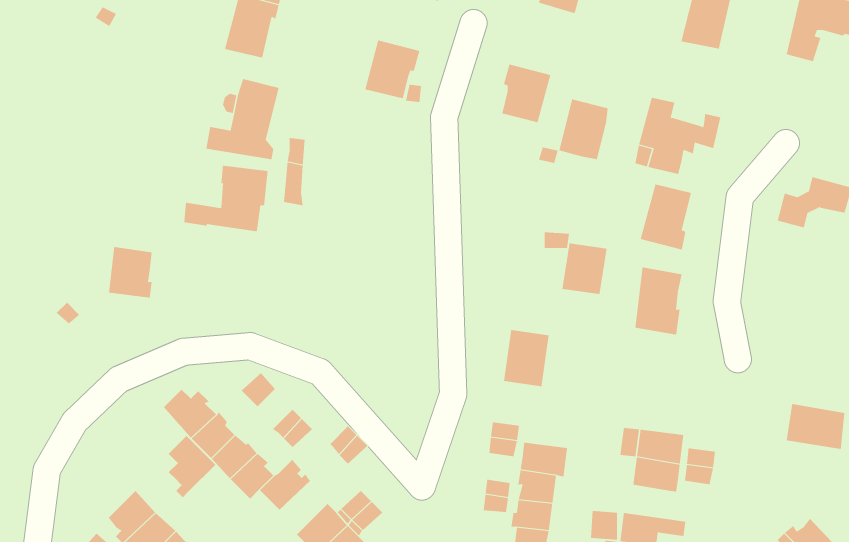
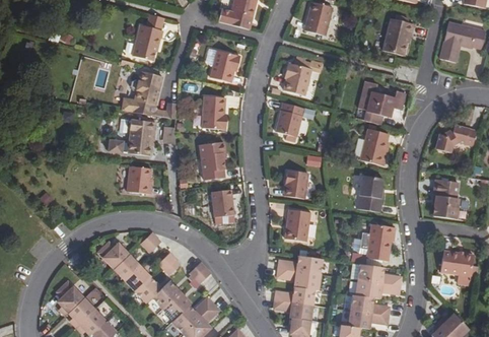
building: [559,99,609,160] -> [276,103,303,136]
building: none -> [202,95,226,129]
building: none -> [199,141,225,180]
building: [561,243,608,295] -> [283,170,308,198]
building: [108,247,152,298] -> [127,165,151,194]
building: none -> [433,179,459,219]
building: none -> [212,189,233,216]
building: none -> [360,223,396,261]
building: none -> [296,255,323,274]
building: [168,435,216,498] -> [57,281,83,316]
building: none -> [162,292,191,320]
building: none -> [351,294,387,315]

